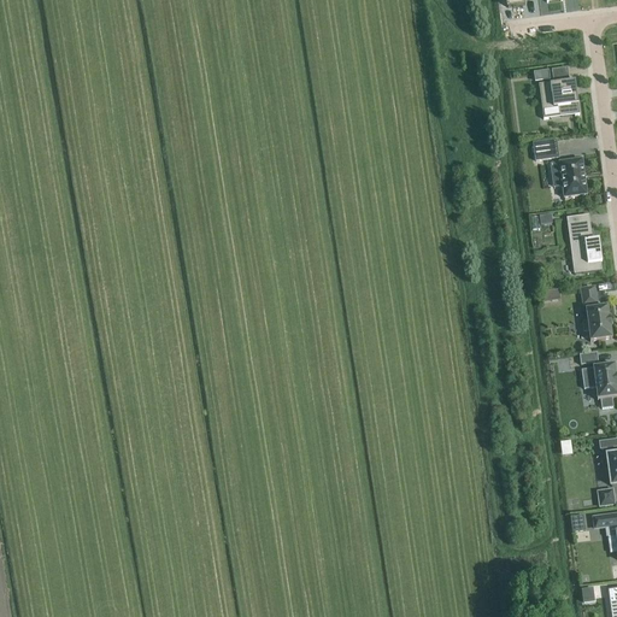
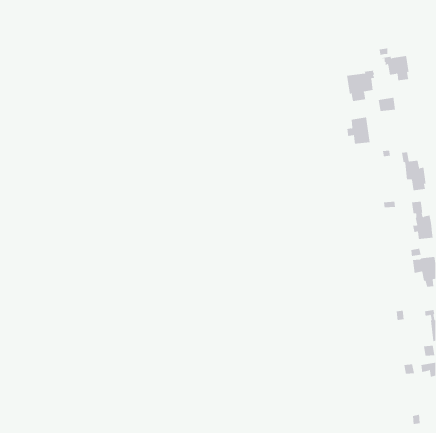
building: none -> [346,69,376,102]
building: [553,157,587,195] -> [347,117,370,144]

